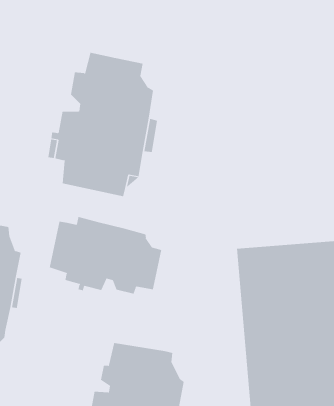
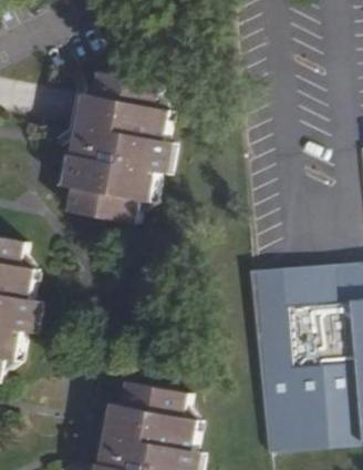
building: [49,216,162,295] -> none

